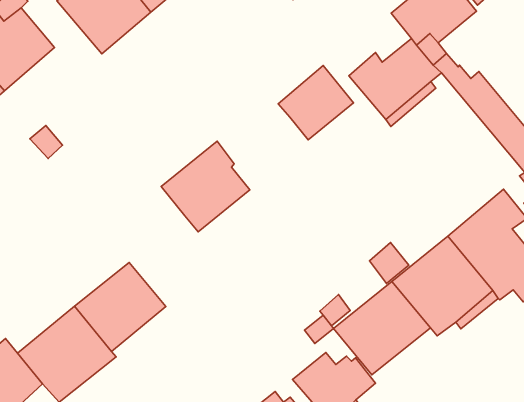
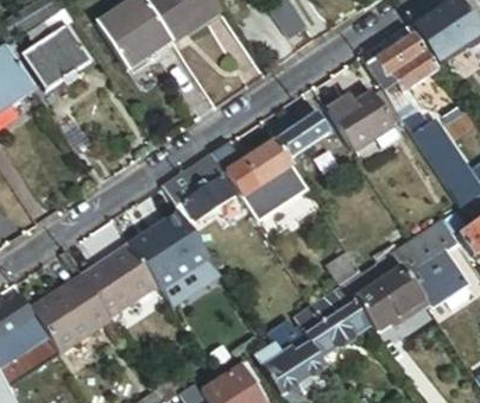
building: none -> [214,139,308,221]
building: none -> [131,210,210,289]

